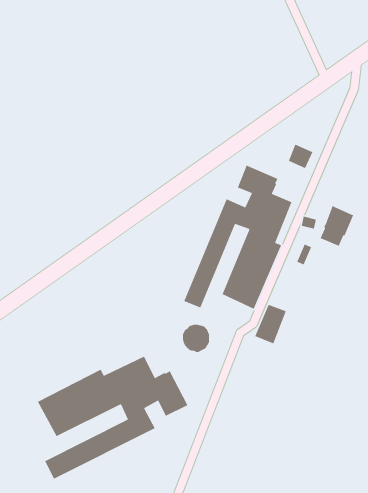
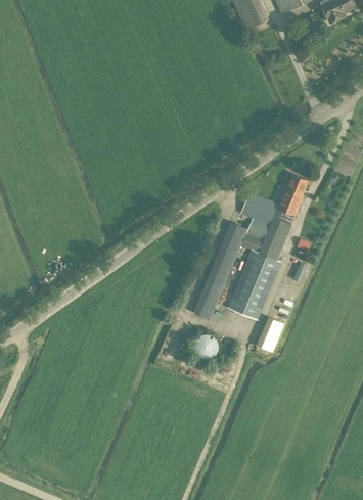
building: [319,205,354,247] -> [272,188,303,225]
building: [37,355,188,480] -> none

